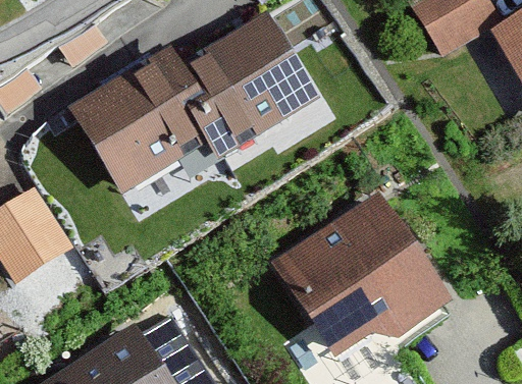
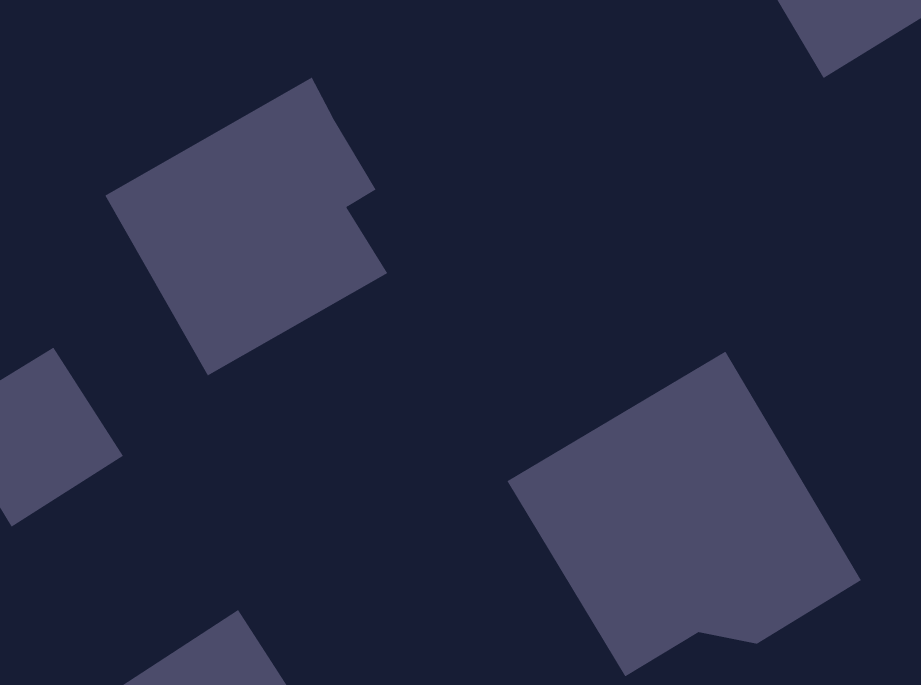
building: [180,13,321,159] -> none

